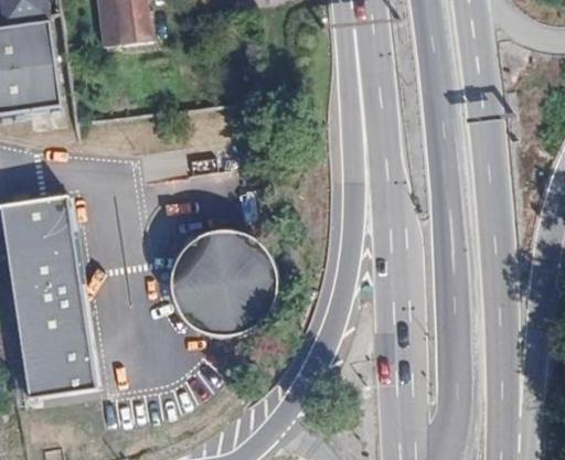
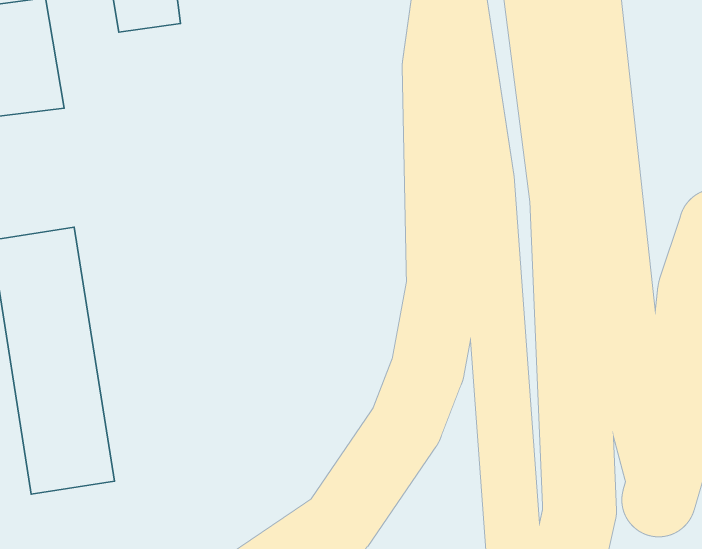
building: [164,227,271,333] -> none

